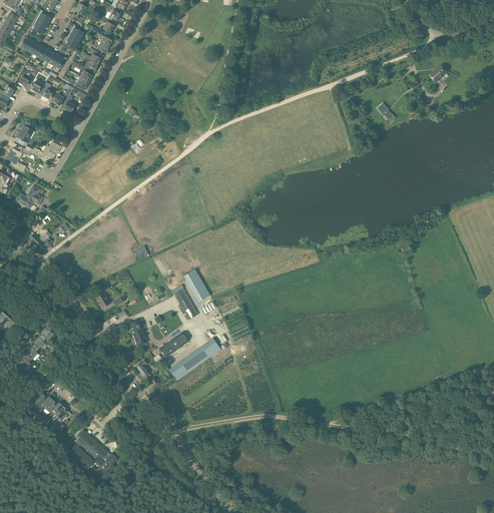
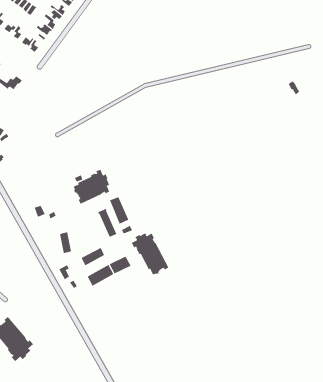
building: none -> [73,169,110,205]
building: none -> [131,233,169,275]

